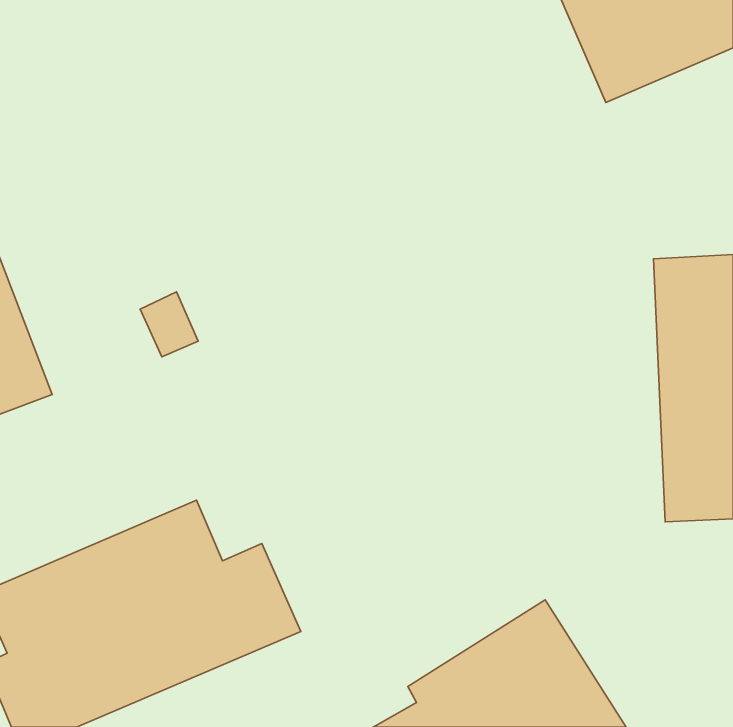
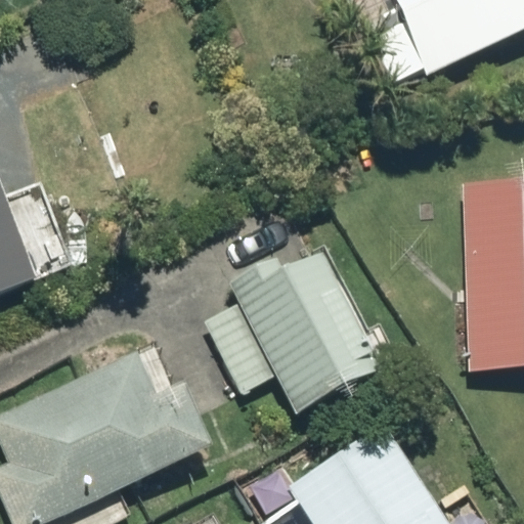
building: none -> [205,255,383,414]

